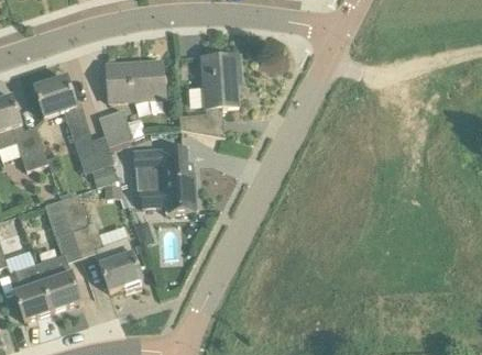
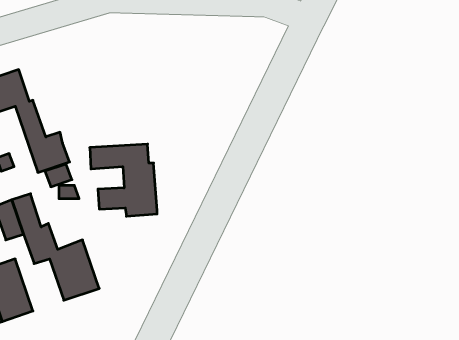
building: [178,54,239,135] -> none
building: [105,59,164,100] -> none
building: [98,107,131,144] -> none

